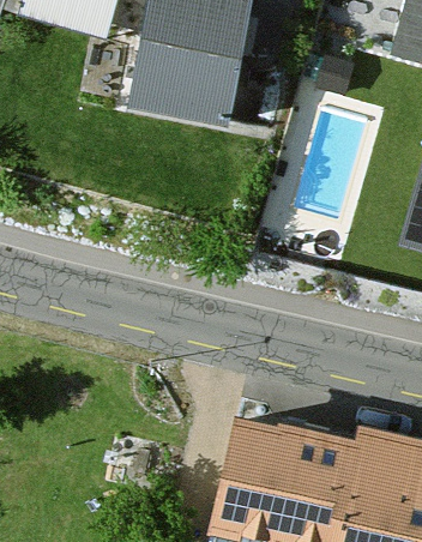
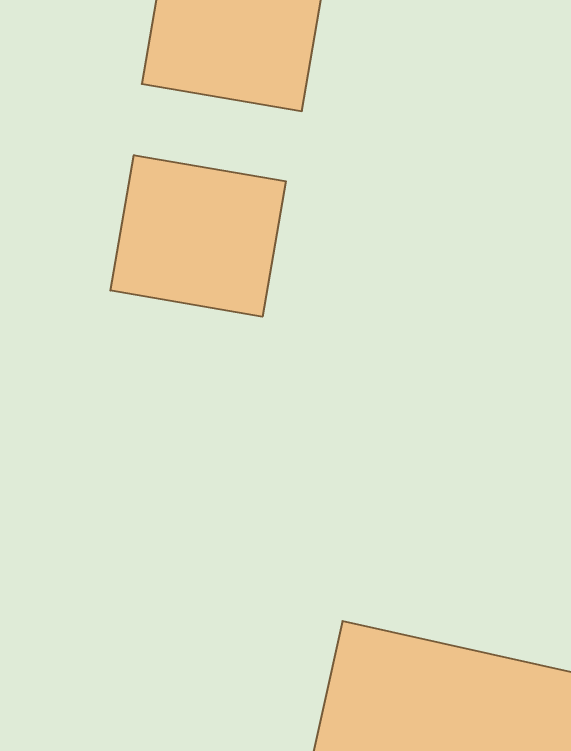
building: none -> [110,155,286,317]

